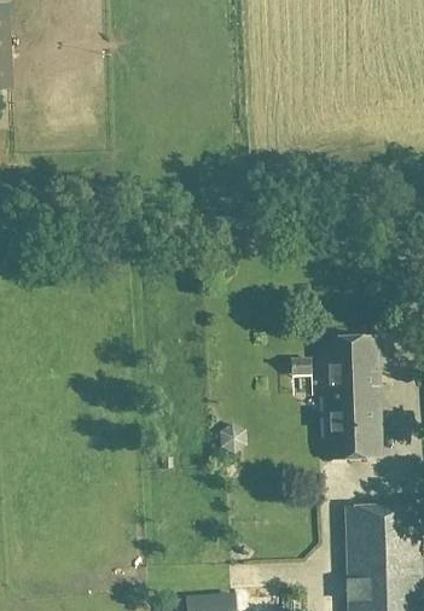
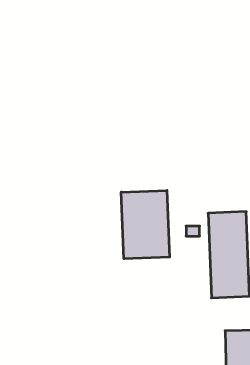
building: none -> [121,190,170,259]

